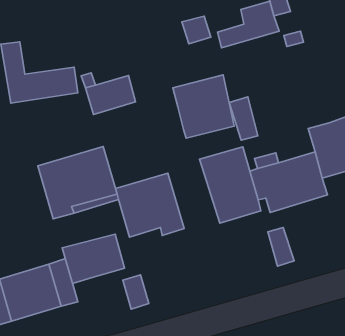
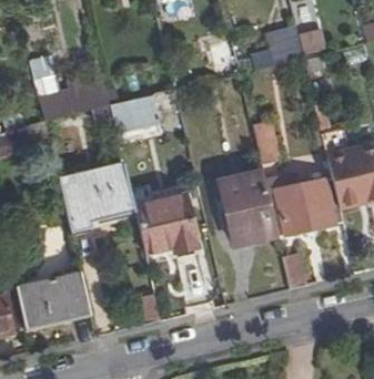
building: [173,75,234,138] -> none
building: [62,234,124,283] -> none

